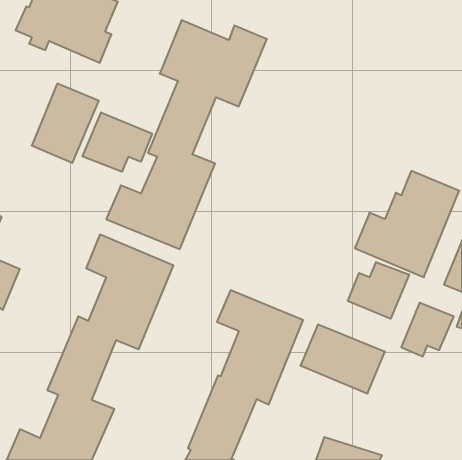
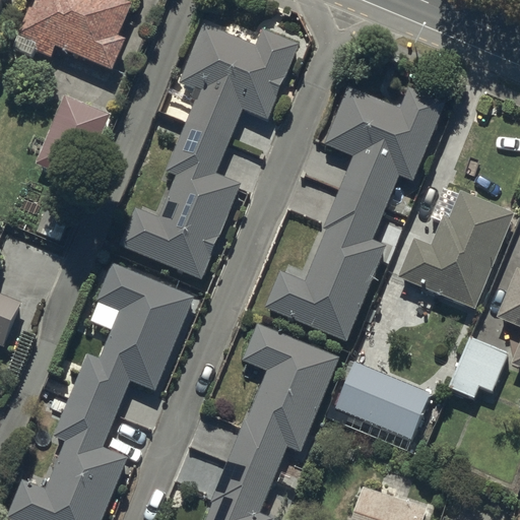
building: none -> [264,86,445,341]
building: [82,112,152,172] -> none
building: [348,262,409,319] -> none

